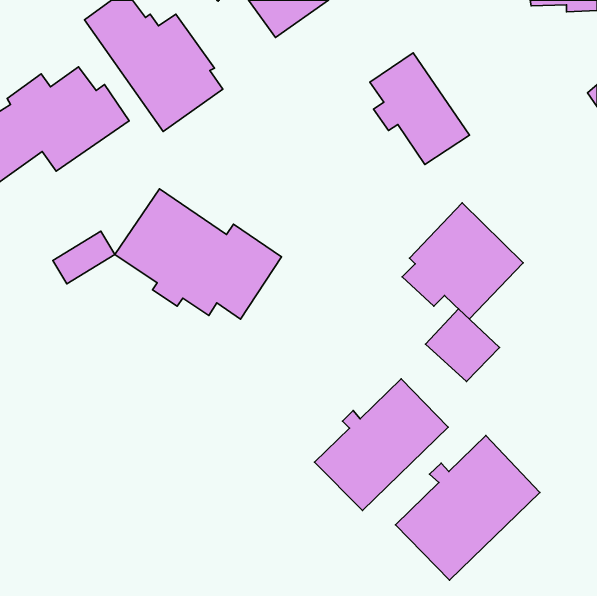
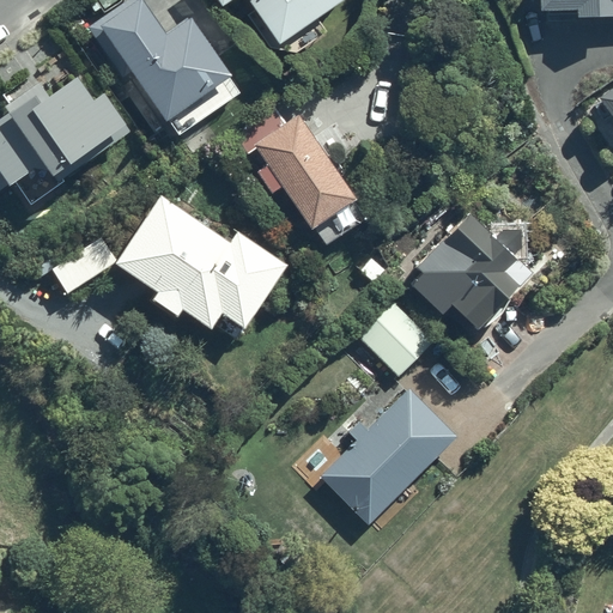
building: [370,53,470,164] -> [255,113,357,226]
building: [426,309,499,382] -> [357,304,432,378]
building: [396,435,540,580] -> none

